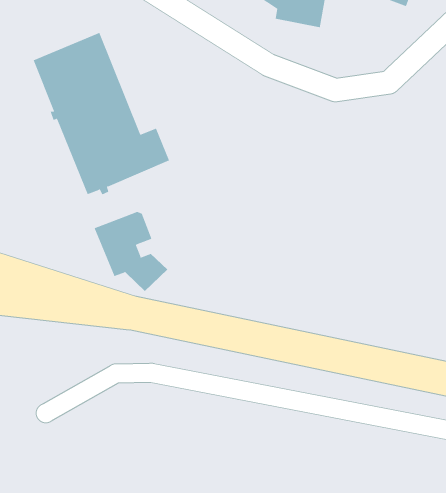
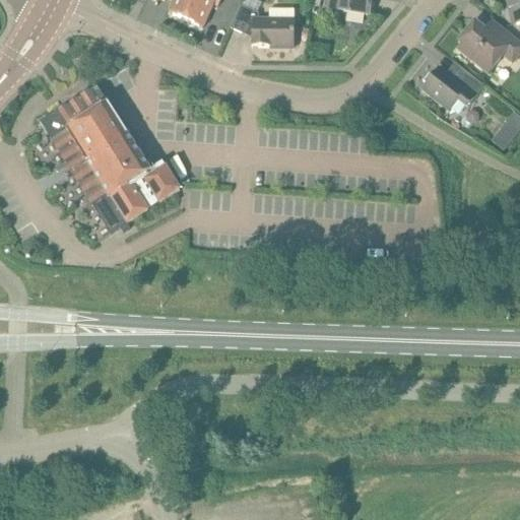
building: [94,211,168,292] -> none

